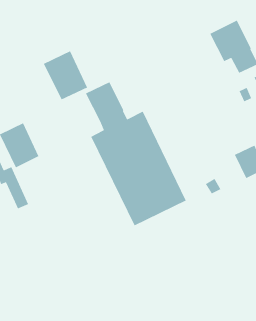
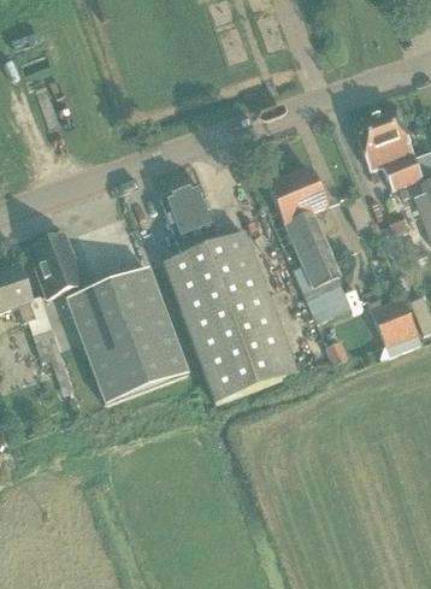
building: [43,50,88,101] -> none
building: none -> [268,166,352,322]
building: none -> [66,267,188,404]

